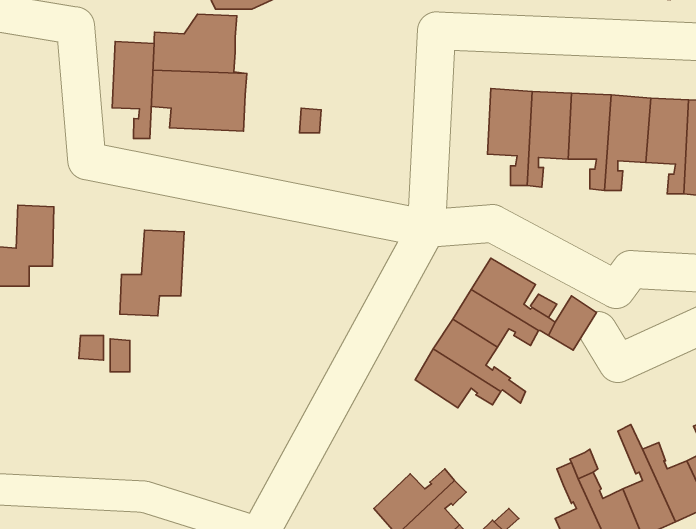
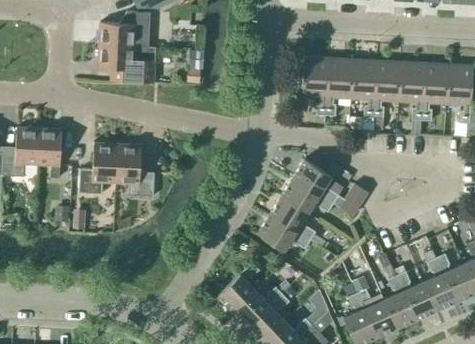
building: [112,41,154,138] -> none
building: none -> [38,128,62,178]
building: none -> [116,143,154,196]
building: none -> [217,262,260,311]

